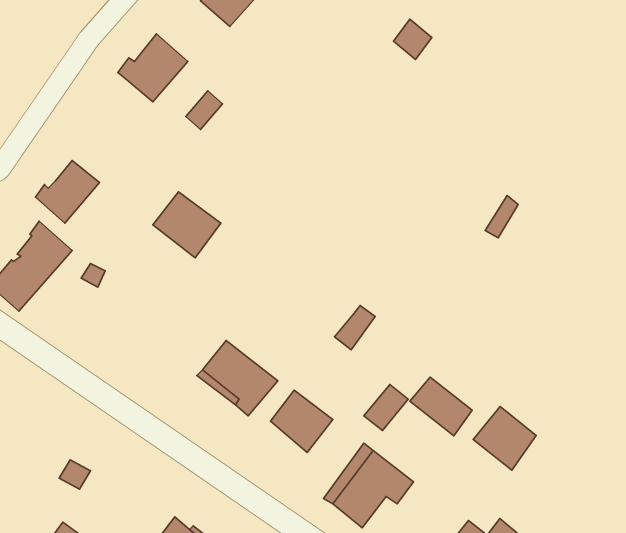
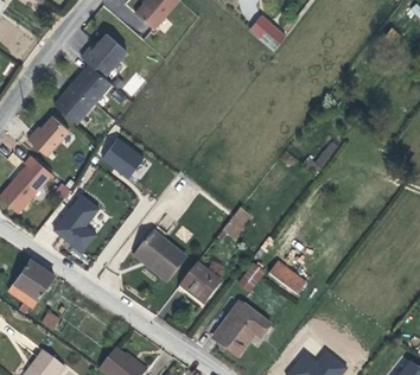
building: none -> [52,65,109,126]
building: none -> [53,192,102,252]
building: none -> [9,259,55,306]
building: [473,407,536,470] -> none

